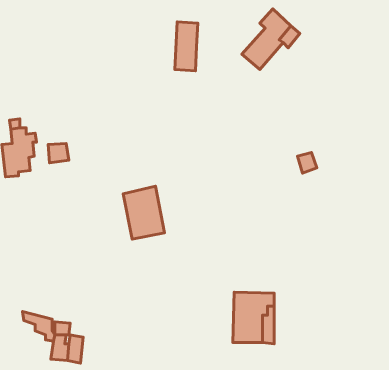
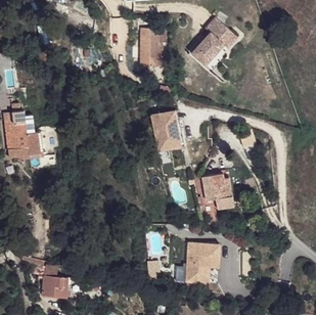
building: none -> [6,134,39,160]
building: [123,186,164,239] -> [150,109,183,151]
building: none -> [201,175,233,211]

